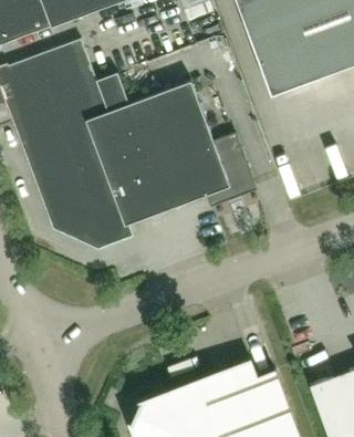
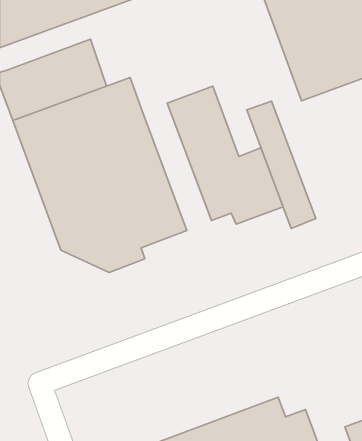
building: [128,96,190,210] -> [247,101,316,228]

